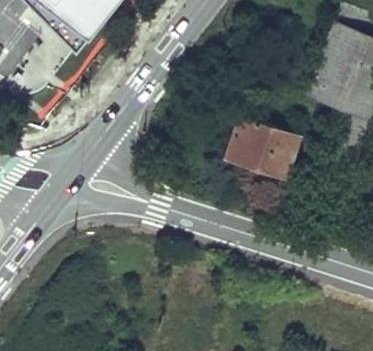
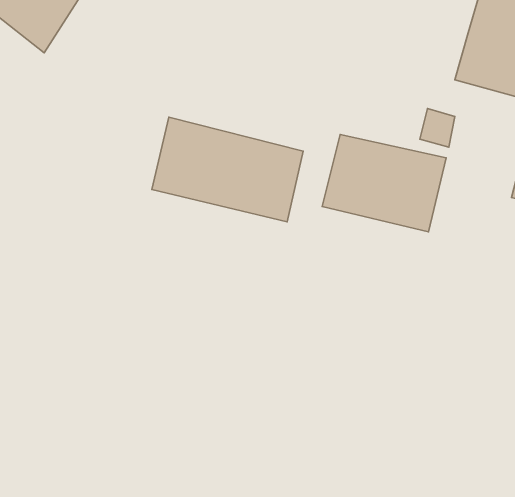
building: none -> [152,117,303,222]

